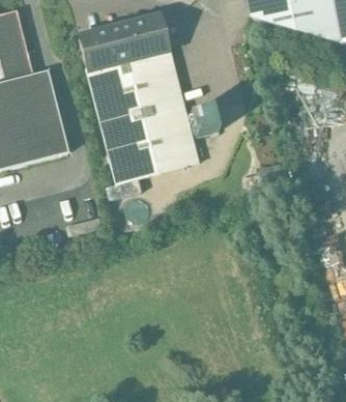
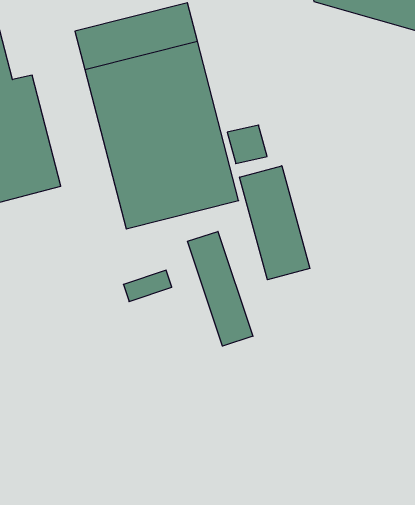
building: none -> [240,166,310,280]
building: none -> [187,231,253,346]

